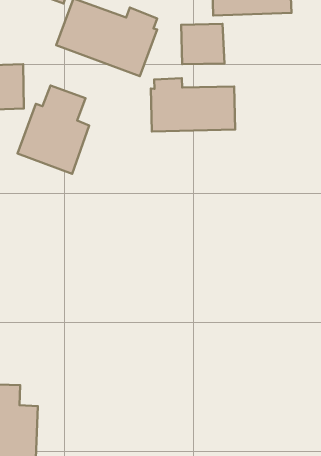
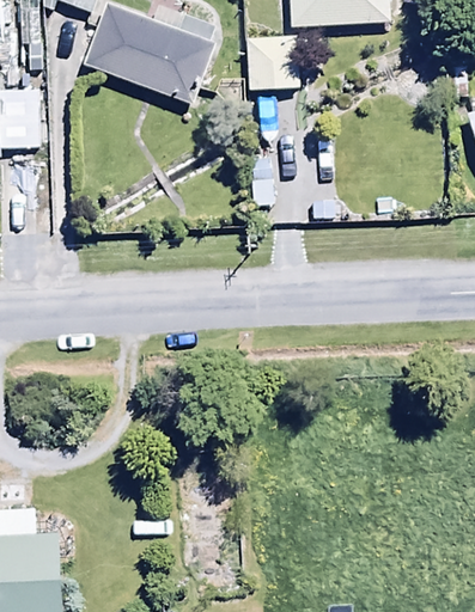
building: [151,78,235,132] -> none
building: [17,85,89,174] -> none

